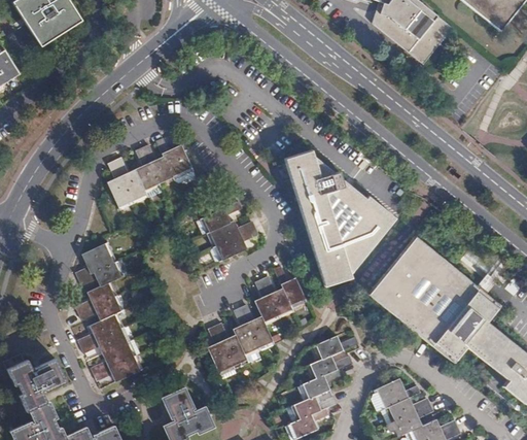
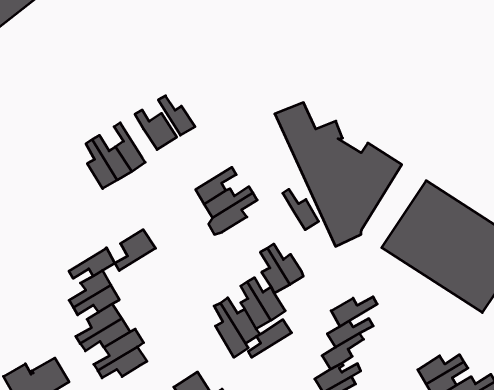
building: [142,145,173,183] -> [158,96,195,135]
building: [75,244,114,279] -> [115,230,156,271]
building: [276,267,306,306] -> [283,189,319,230]
building: none -> [248,320,292,357]
building: [371,381,421,414] -> none

